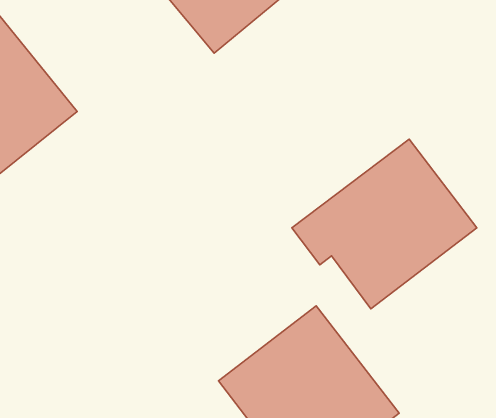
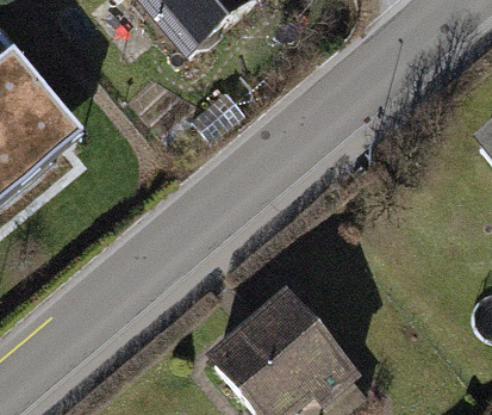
building: [292,139,477,309] -> none

